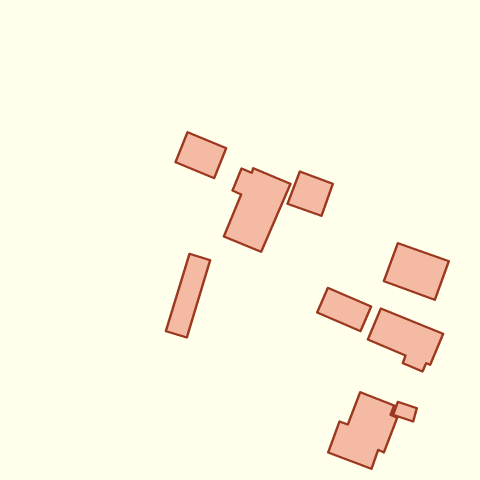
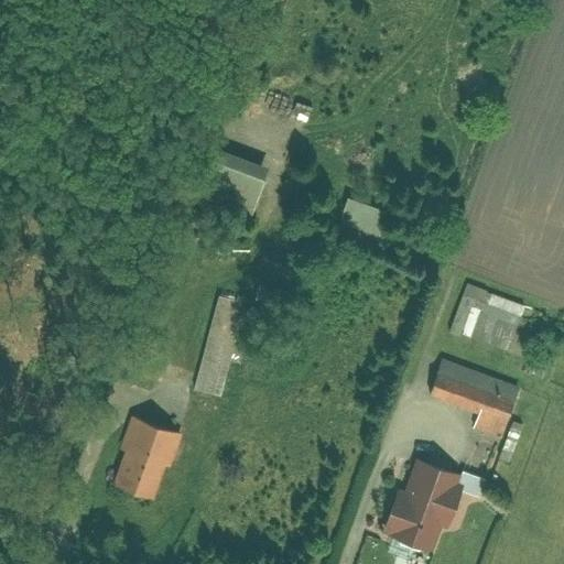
building: [224,168,291,252] -> none
building: [317,288,371,331] -> none
building: none -> [110,416,183,500]

